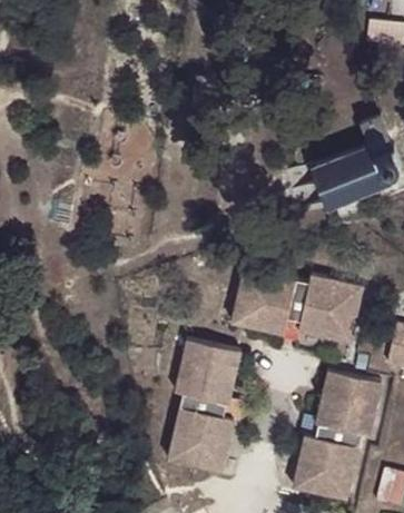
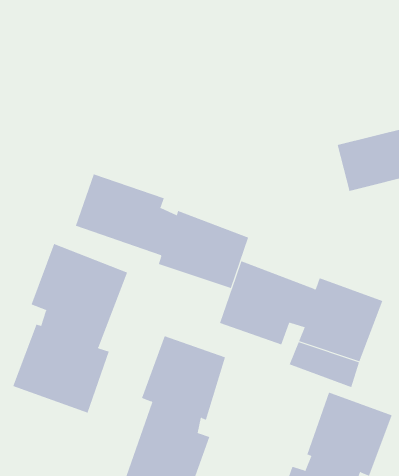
building: none -> [75,173,249,289]
building: none -> [12,243,128,414]

